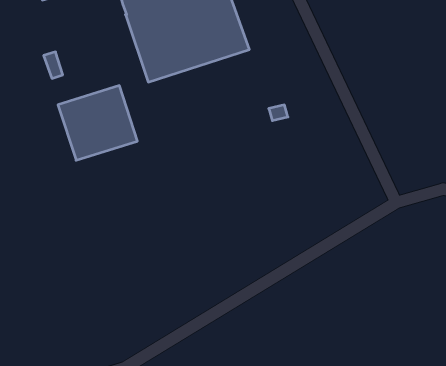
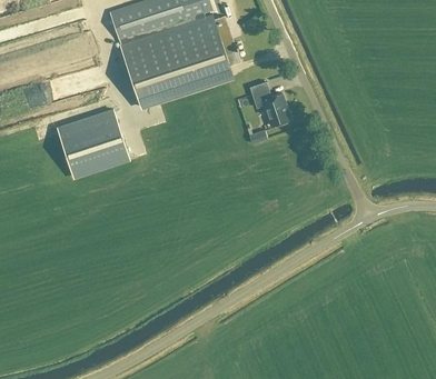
building: none -> [251,89,289,124]

